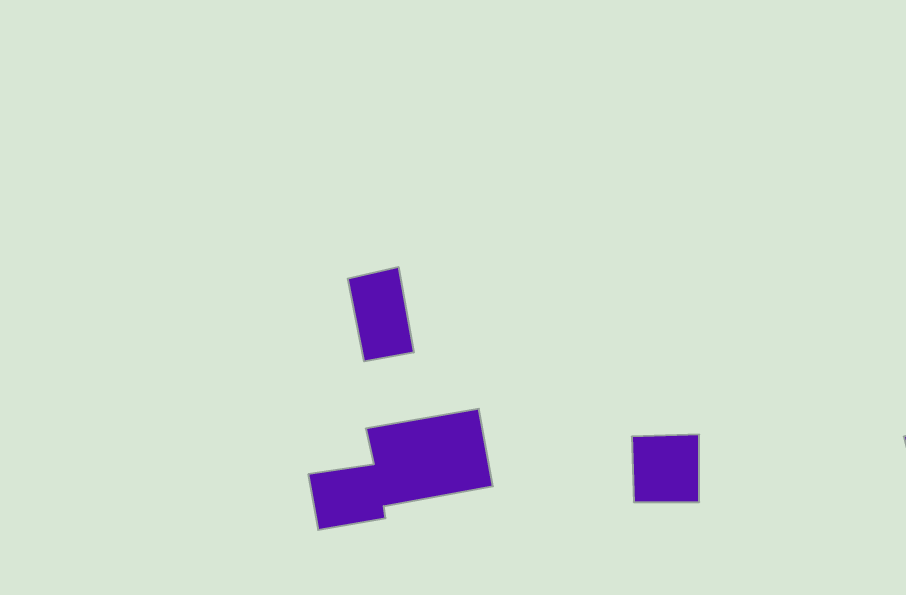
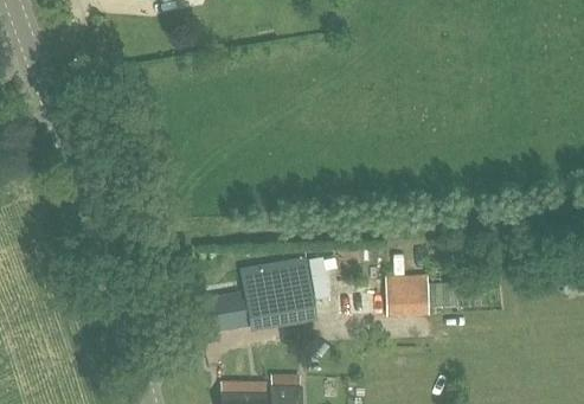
building: [348,267,414,361] -> none

